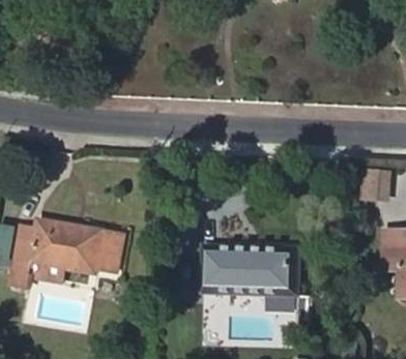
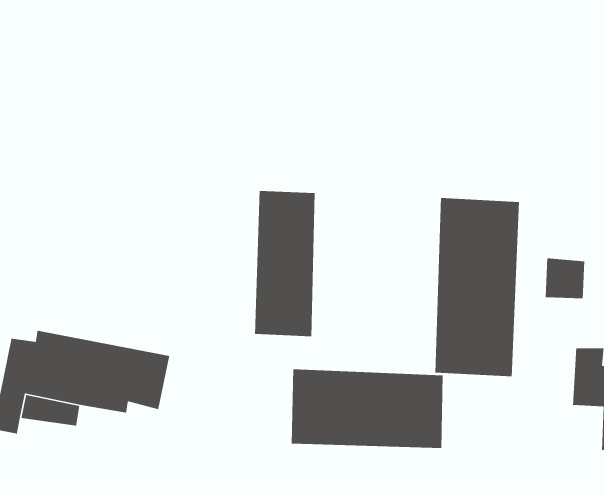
building: none -> [254,190,315,337]
building: none -> [434,197,520,377]

